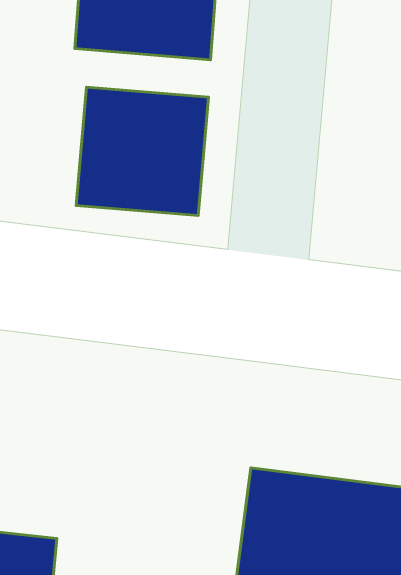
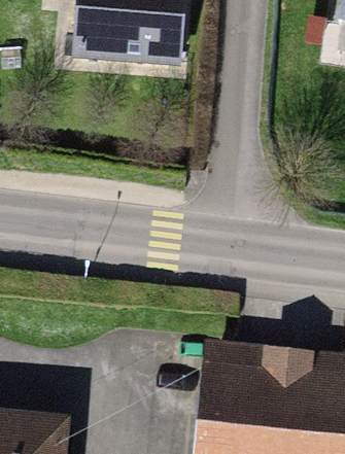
building: [76,87,208,215] -> none

